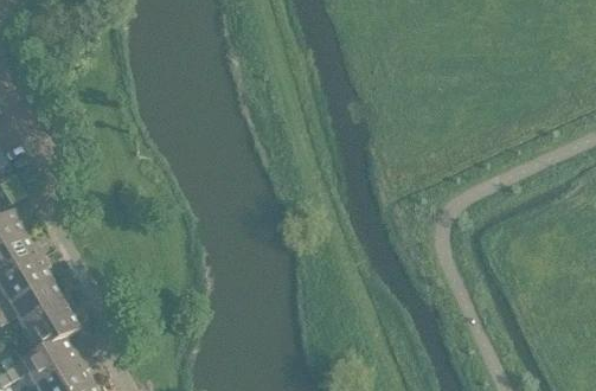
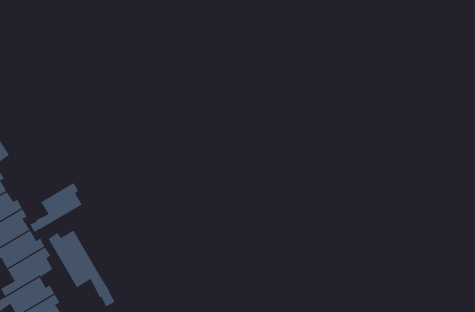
building: none -> [29,182,82,233]
building: none -> [48,230,115,307]

